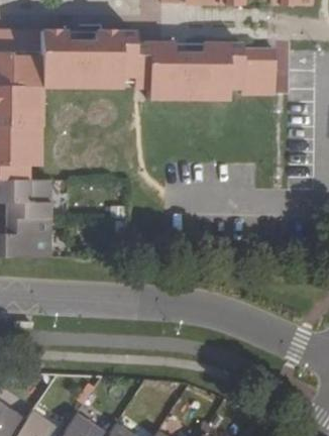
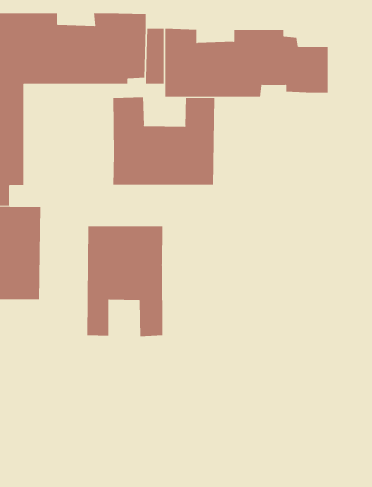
building: none -> [113,97,215,186]
building: none -> [87,225,163,337]

